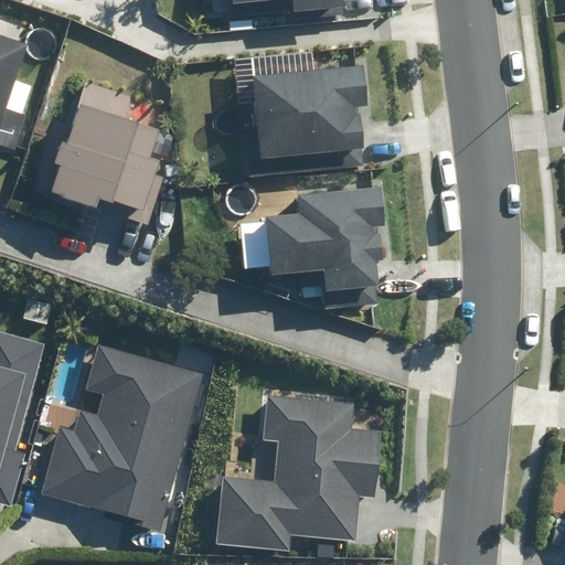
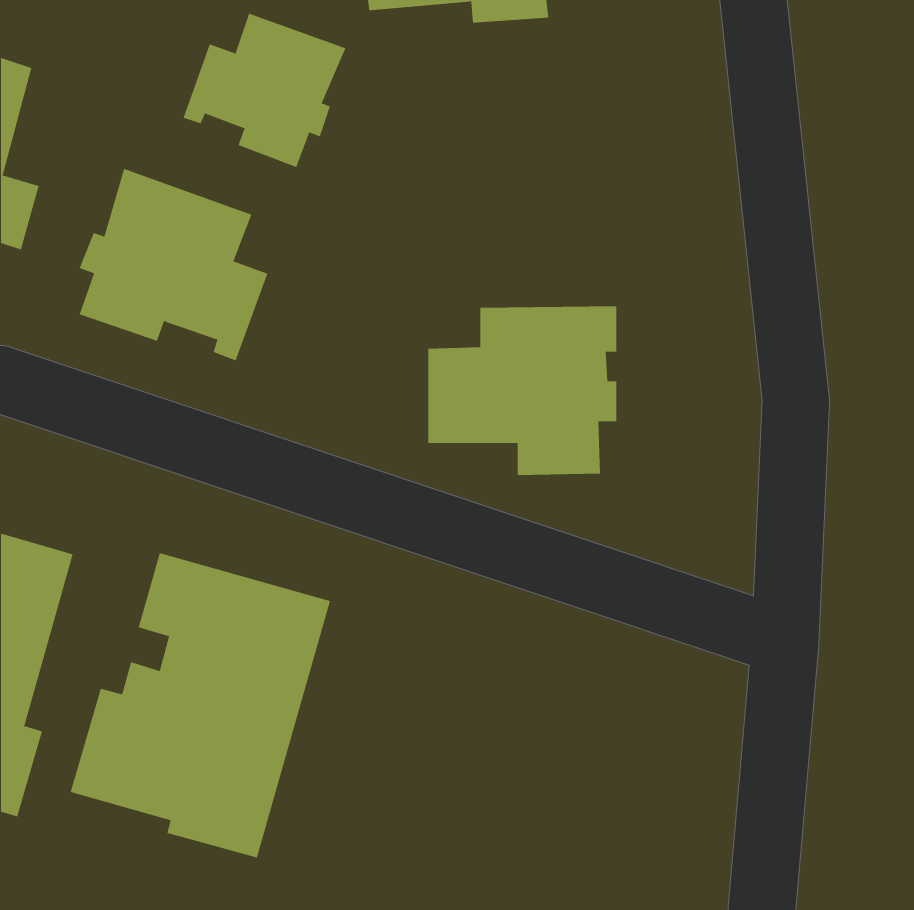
building: none -> [183,13,346,168]
building: [250,68,364,159] -> none
building: [216,393,382,548] -> none

